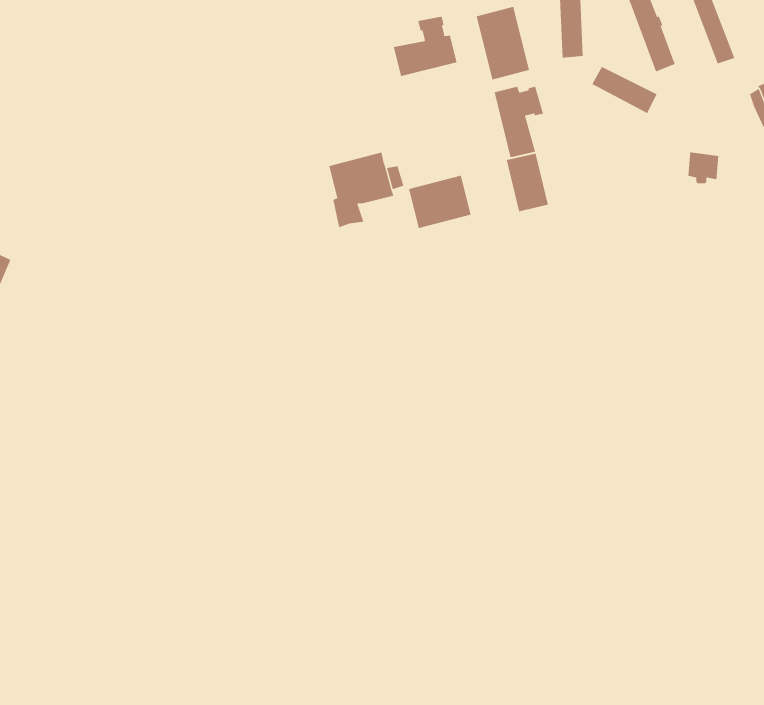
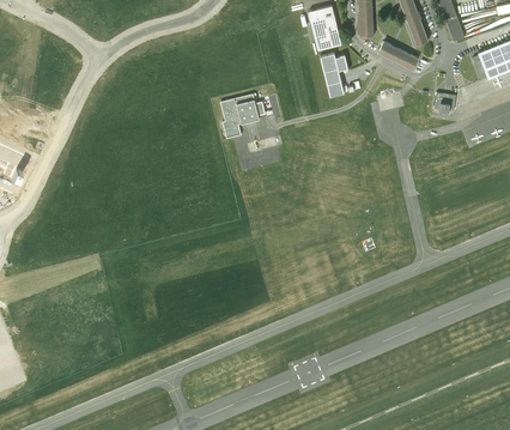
building: [393,16,457,77] -> none
building: [506,153,548,212] -> none
building: [409,175,471,229] -> none

